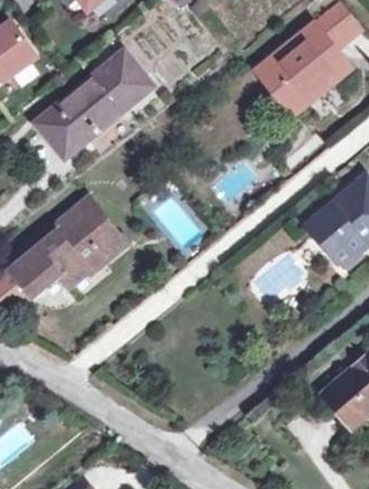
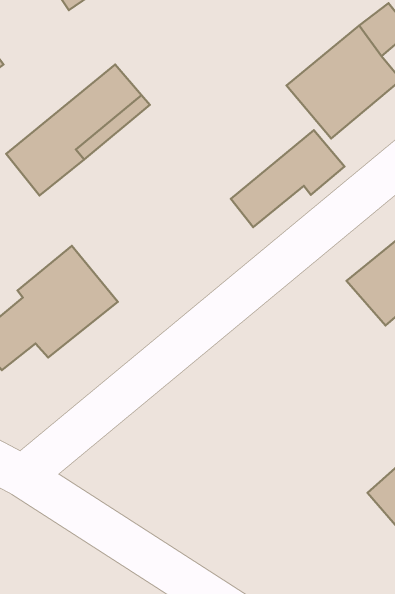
building: none -> [231,130,345,227]

